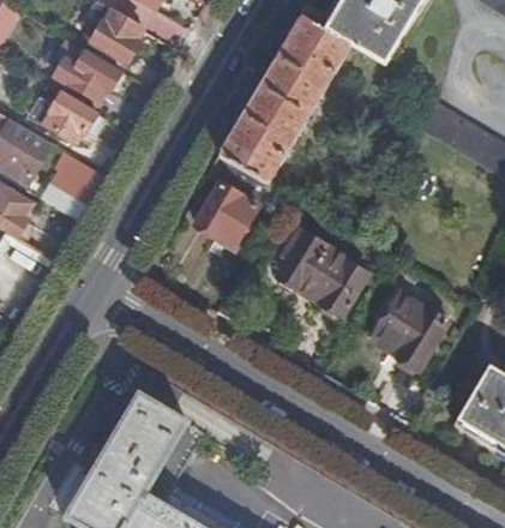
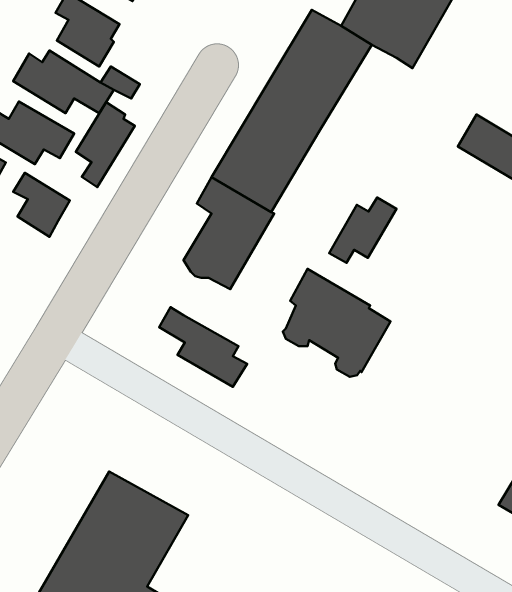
building: none -> [76,102,135,187]
building: none -> [329,198,397,263]
building: none -> [159,307,247,387]
building: [372,292,446,362] -> none

